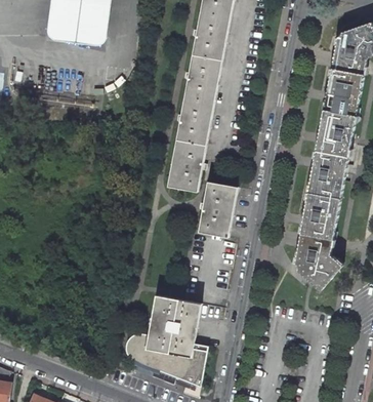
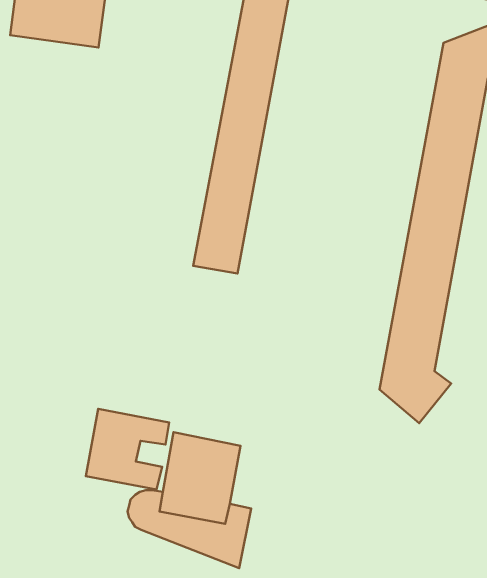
building: [199,180,238,235] -> none
building: none -> [86,409,169,490]

